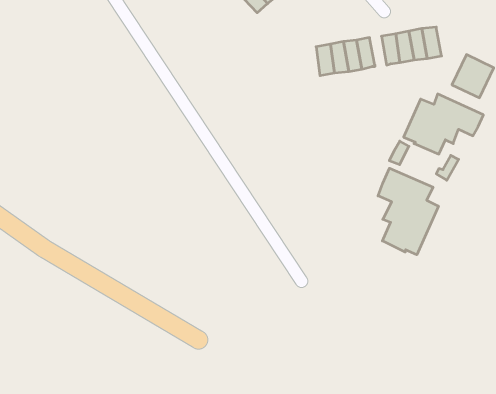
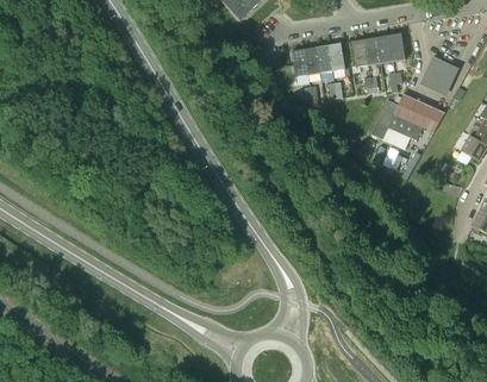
building: [378,168,438,255] -> none

